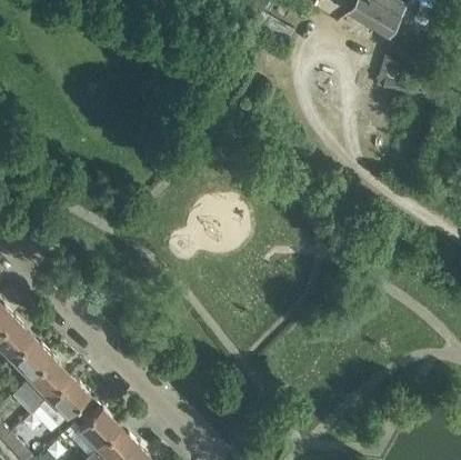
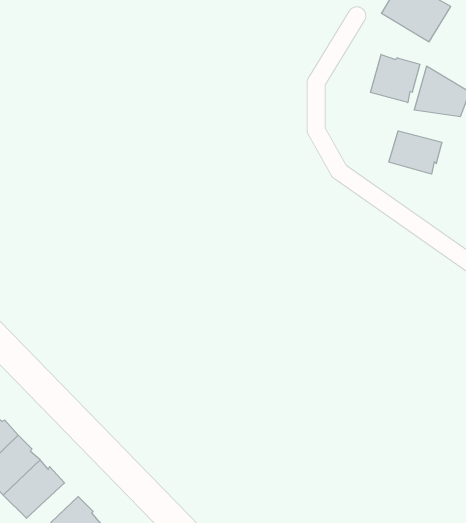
building: none -> [370,54,420,103]
building: none -> [389,131,442,174]

